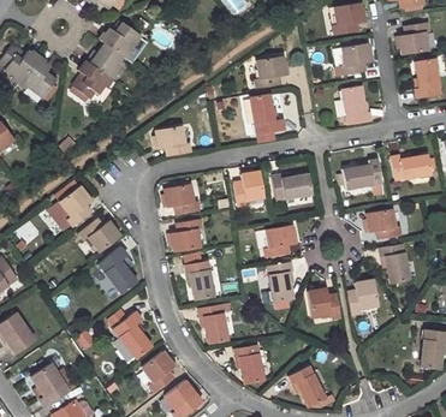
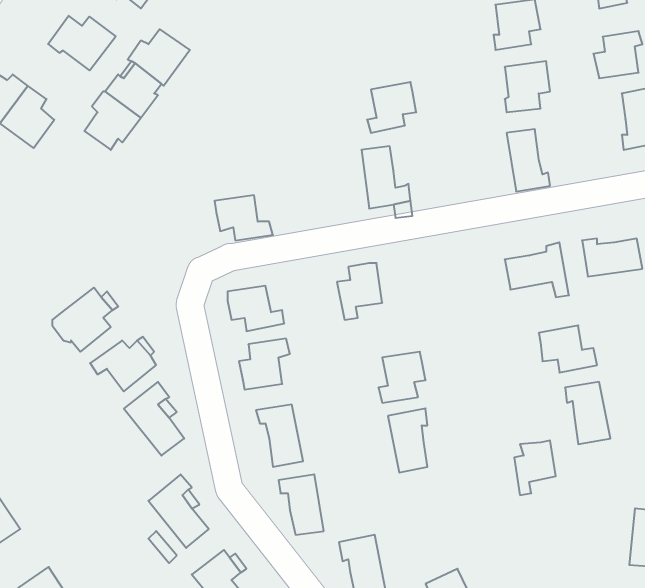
building: none -> [48,16,116,70]
building: [268,174,309,199] -> none
building: [307,291,338,322] -> none

